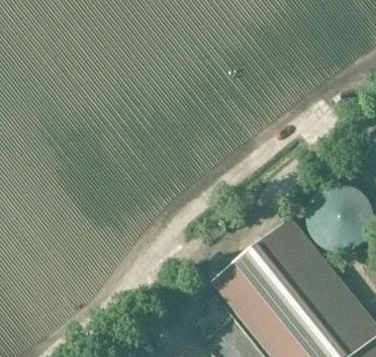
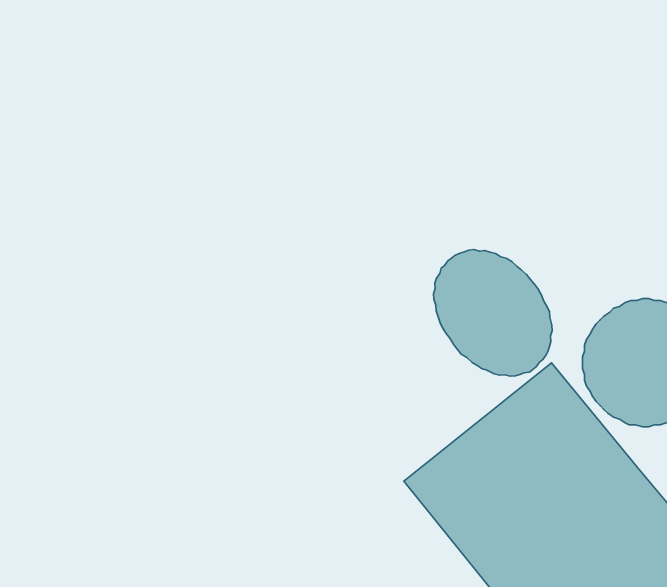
building: none -> [434,250,552,376]

